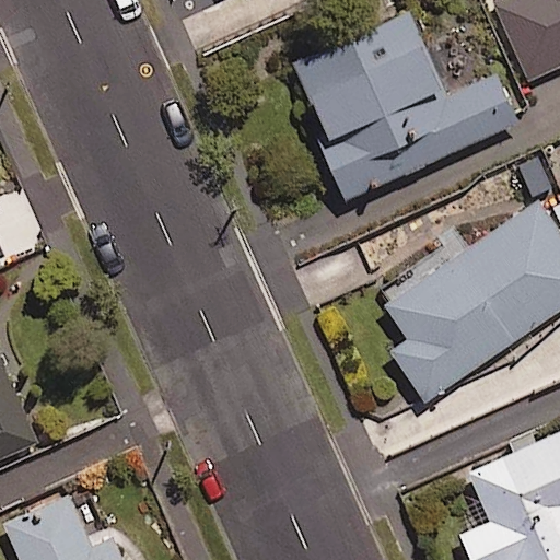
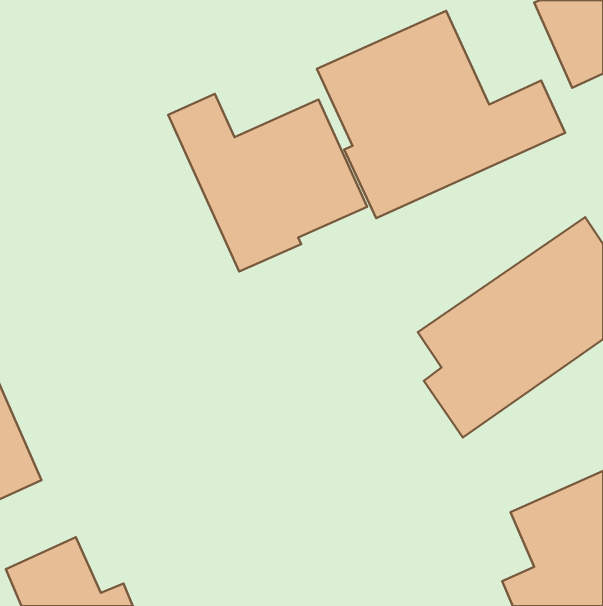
building: none -> [168,94,367,272]

